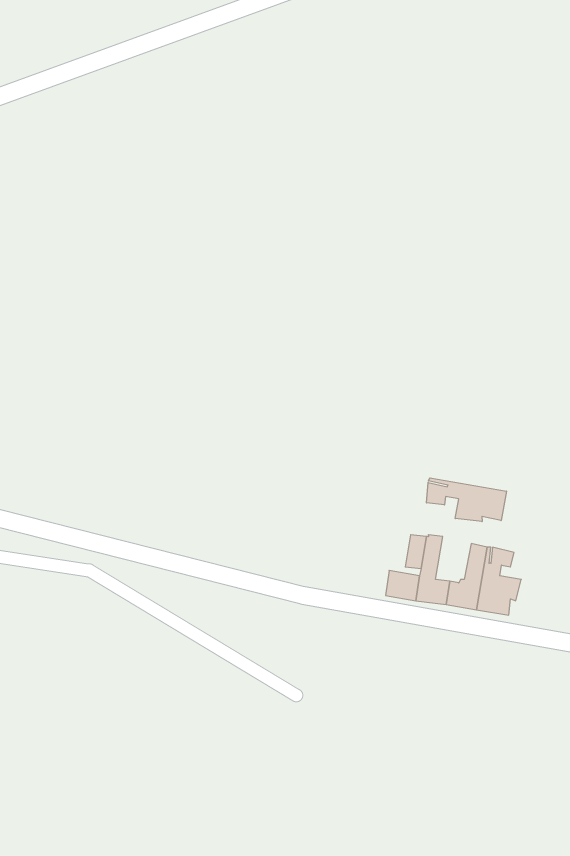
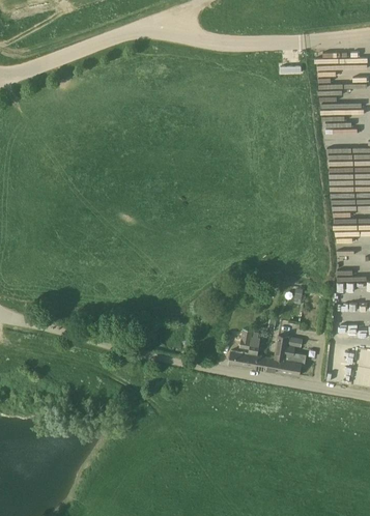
building: [427,478,506,522] -> none

